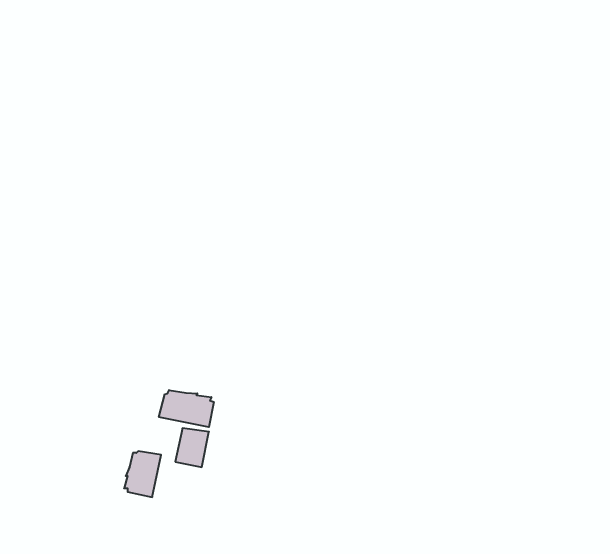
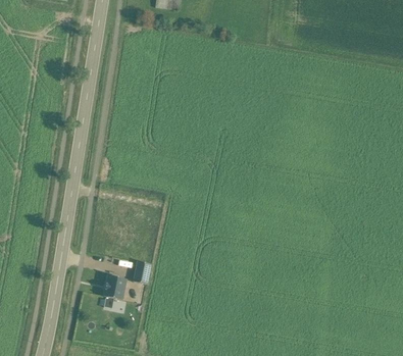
building: [159,390,214,427] -> none

